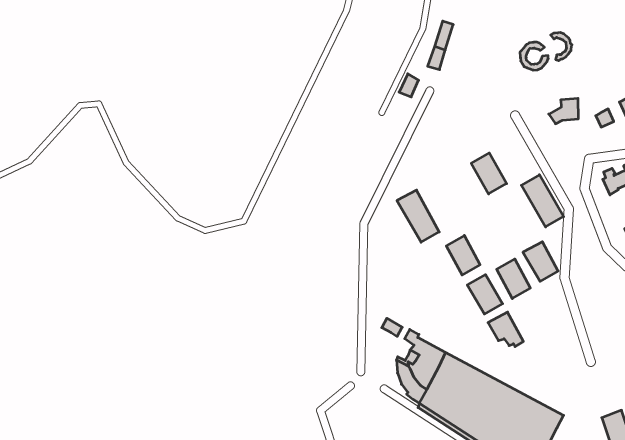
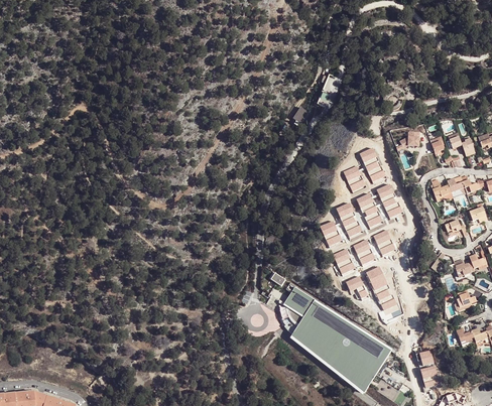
building: none -> [360,146,387,182]
building: [397,190,439,242] -> [336,201,363,238]
building: none -> [356,192,383,229]
building: none -> [366,265,401,319]

